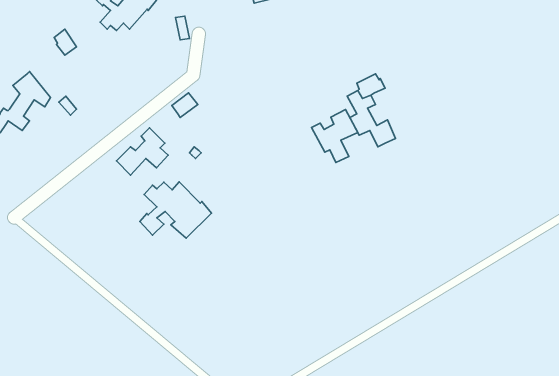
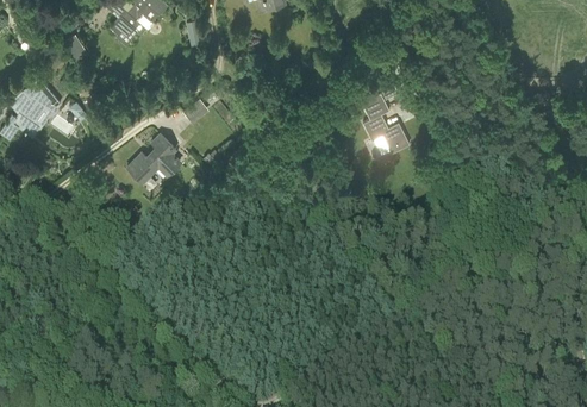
building: [312,110,358,162] -> none
building: [140,182,212,238] -> none

